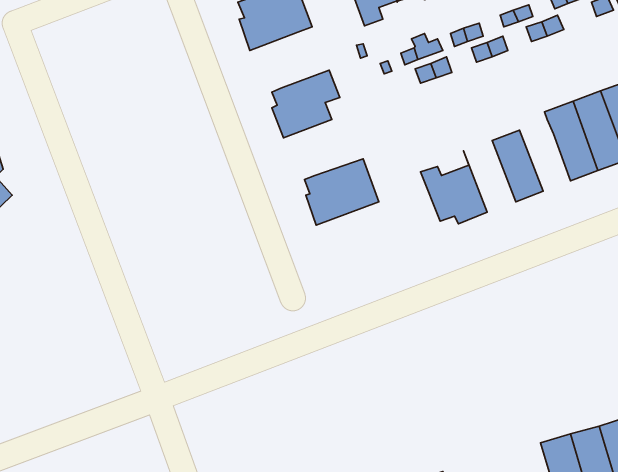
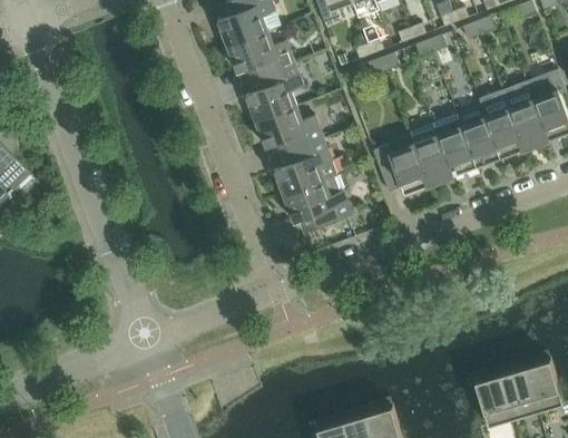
building: none -> [226,30,294,81]
building: none -> [255,105,323,156]
building: none -> [457,105,500,166]
building: none -> [409,123,453,184]
building: none -> [283,175,351,232]

